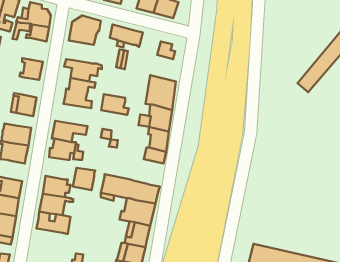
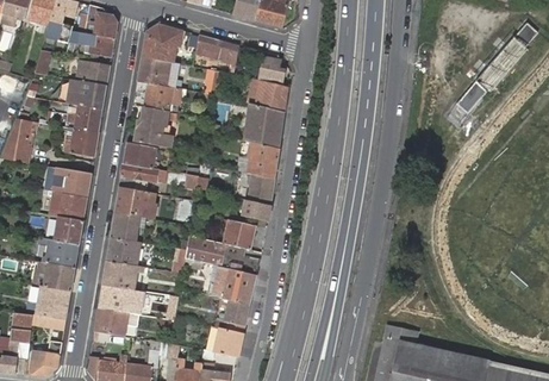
building: none -> [137,57,179,87]
building: none -> [79,61,110,86]
building: none -> [248,79,287,112]
building: none -> [65,106,101,133]
building: [101,94,129,115] -> [123,143,160,170]
building: none -> [55,217,82,245]
building: none -> [217,219,251,250]
building: [73,168,95,190] -> [110,213,139,243]
building: none -> [93,308,138,337]

